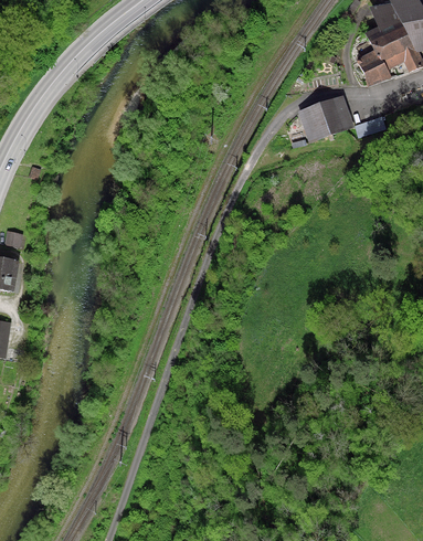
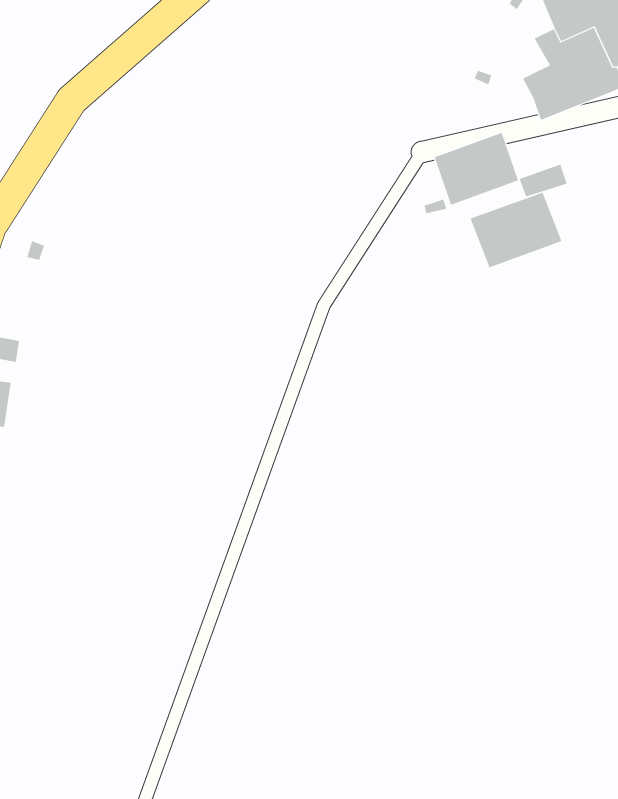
building: none -> [470,192,562,268]

